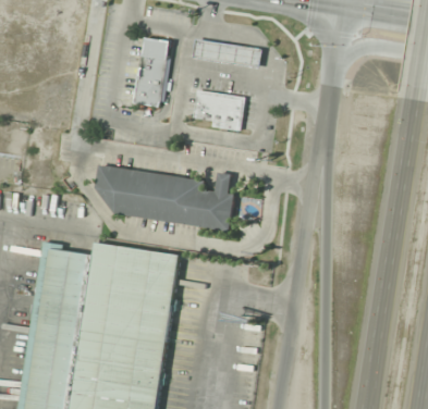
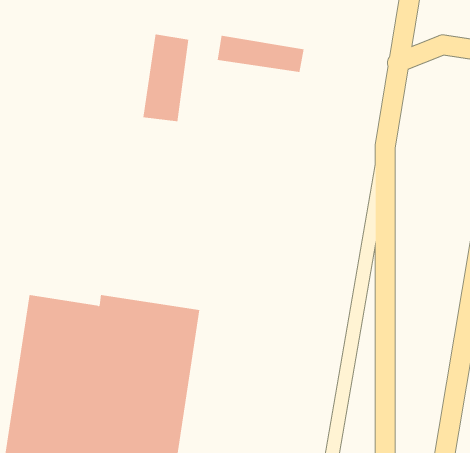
building: [192,89,243,129] -> none
building: [98,165,234,231] -> none

